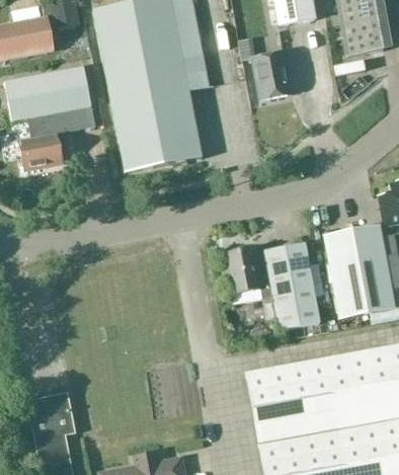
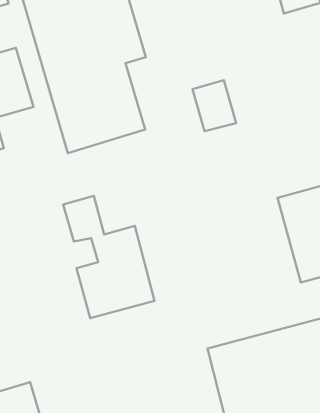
building: [253,51,293,98] -> [192,80,236,131]
building: none -> [63,196,154,318]
building: [226,242,321,329] -> none

